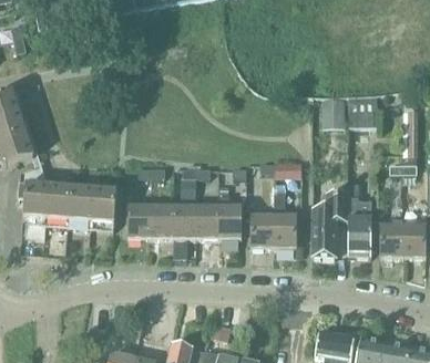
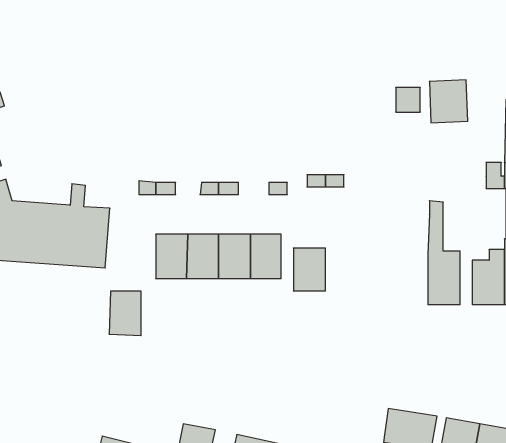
building: [311,190,348,255] -> none
building: [273,200,296,246] -> none
building: [126,205,150,237] -> [109,291,141,336]

